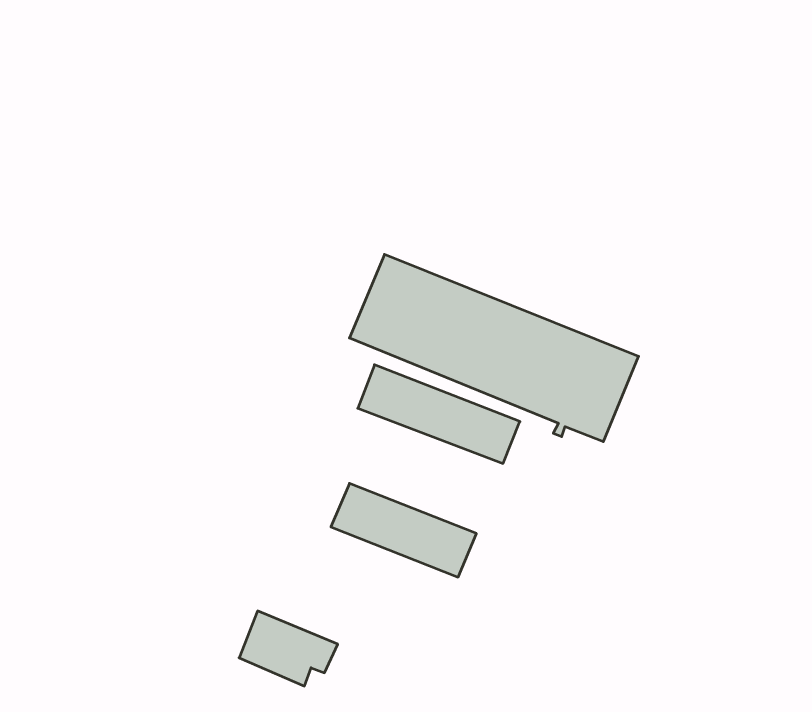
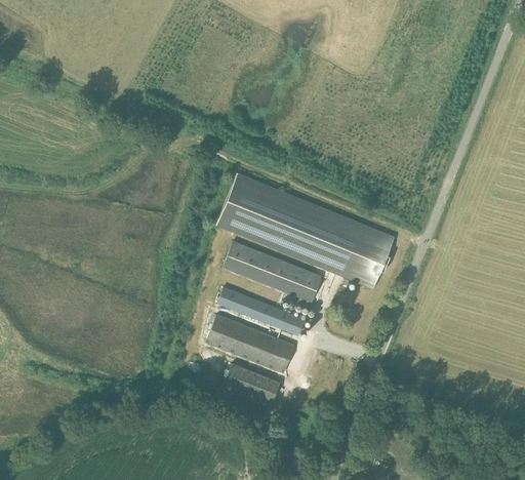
building: none -> [217,286,306,334]
building: [239,611,338,686] -> [220,363,281,409]

